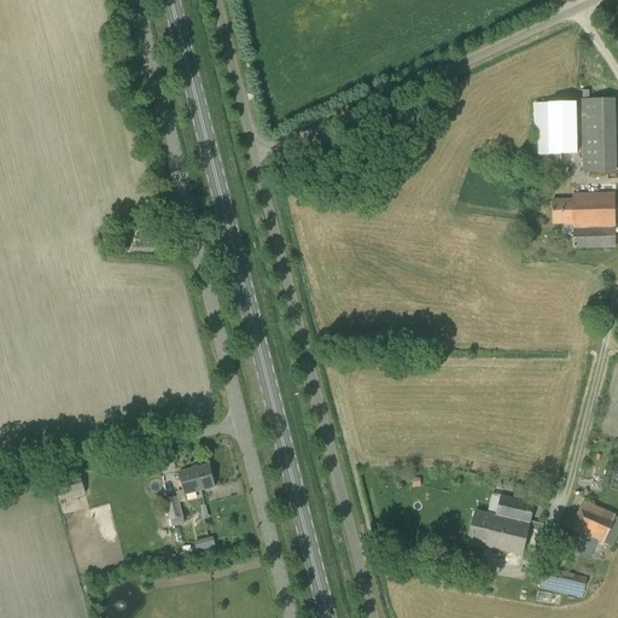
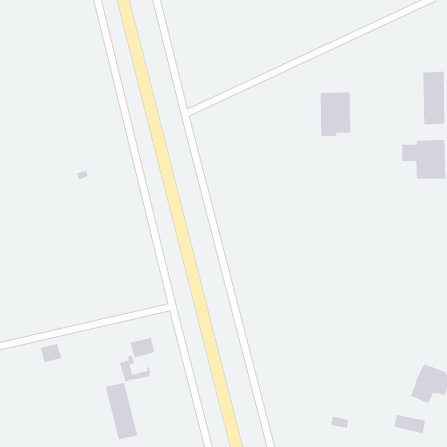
building: [537,99,581,161] -> [320,92,351,137]
building: [468,494,535,553] -> none
building: none -> [105,382,138,440]

